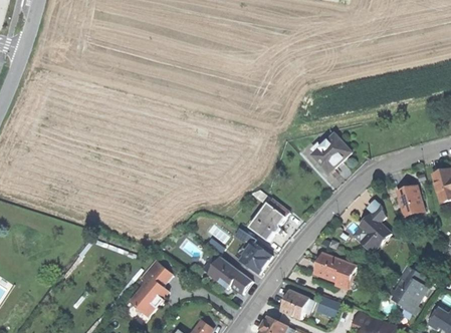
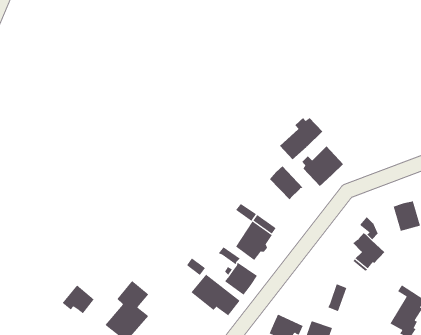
building: none -> [279,117,323,160]
building: none -> [269,166,303,200]
building: [315,256,344,281] -> none
building: none -> [62,285,95,314]

